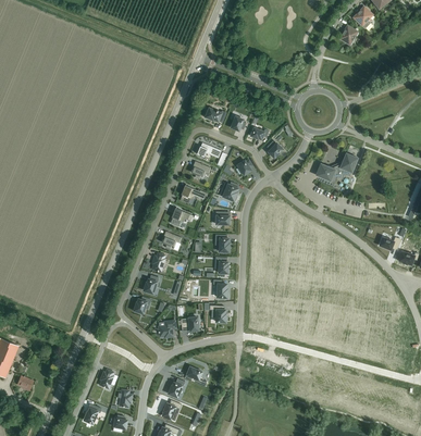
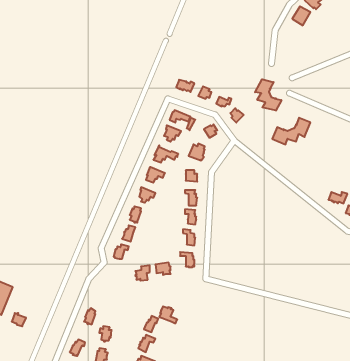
building: none -> [255,79,281,111]

